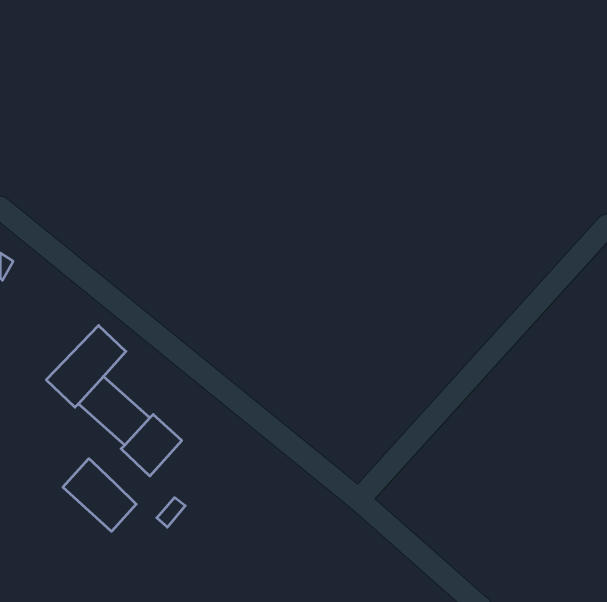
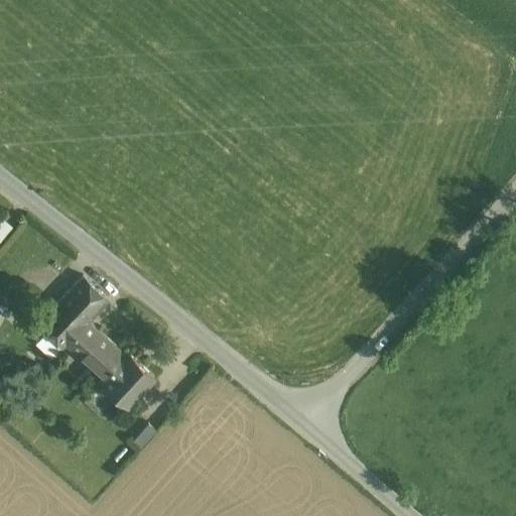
building: [63,459,136,531] -> none

